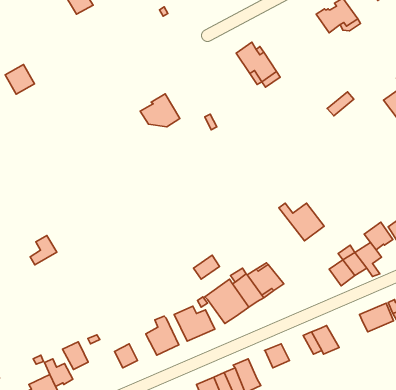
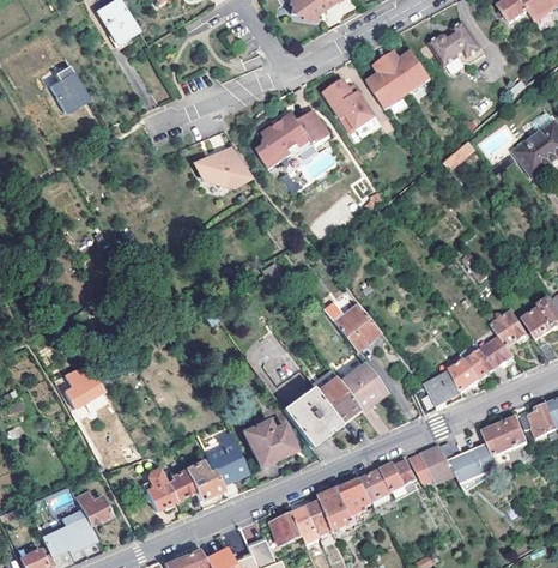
building: none -> [368,50,431,108]
building: [5,65,35,94] -> [50,70,89,108]
building: none -> [260,109,330,168]
building: [279,203,324,241] -> [321,302,380,351]
building: [30,235,57,265] -> [68,365,103,404]
building: none -> [418,371,463,412]
building: none -> [441,440,501,482]
building: none -> [184,458,222,498]
building: none -> [382,459,418,490]
building: [63,342,88,370] -> [142,473,176,509]
building: none -> [339,478,372,514]

